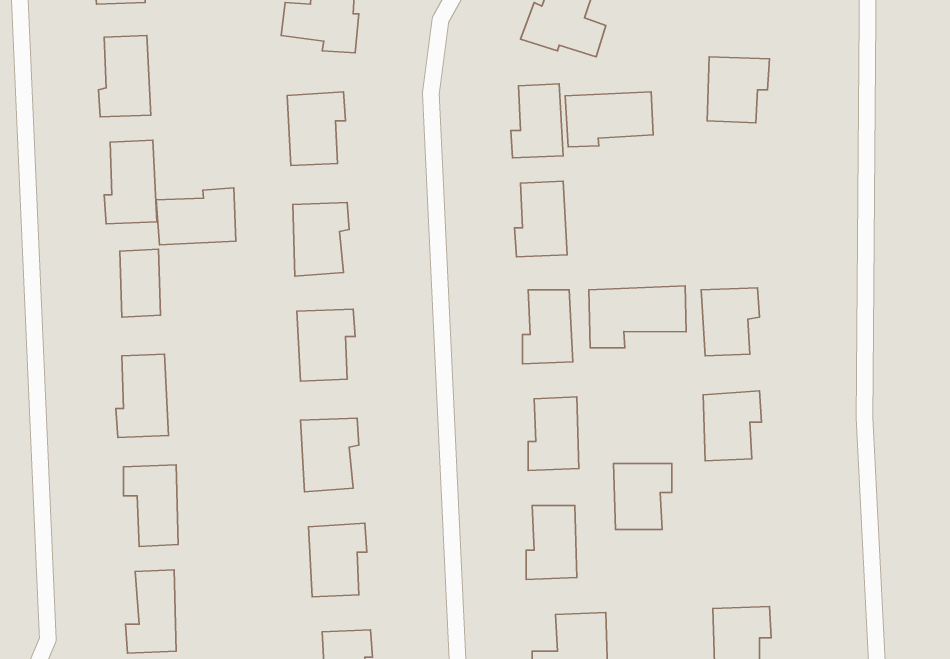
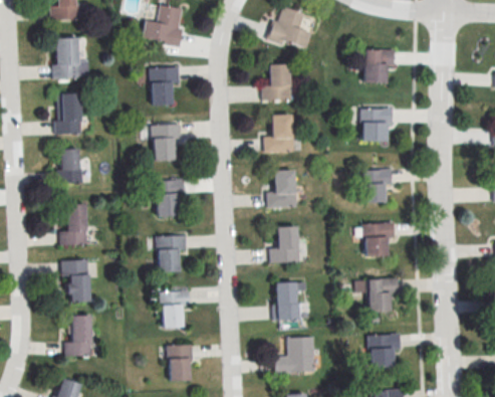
building: [565,92,653,147] -> none
building: none -> [364,109,396,142]
building: [156,188,236,245] -> none
building: [589,286,686,348] -> none
building: [613,464,672,530] -> [366,278,397,313]

